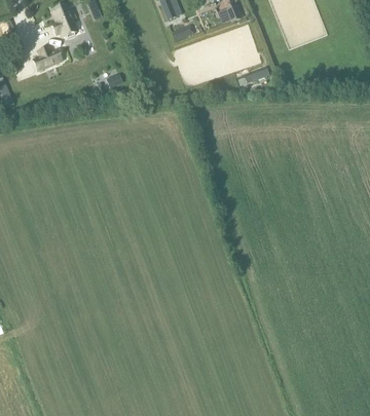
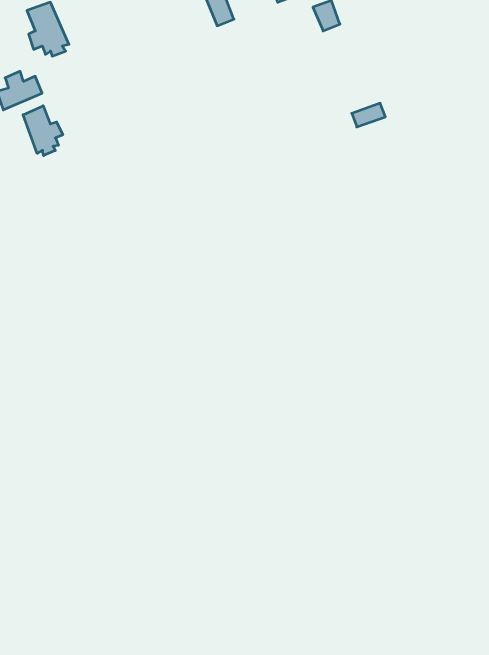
building: none -> [23,106,63,156]

